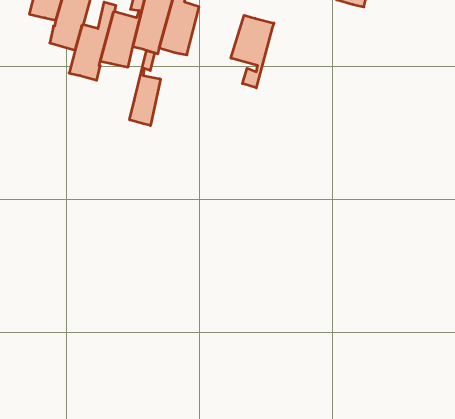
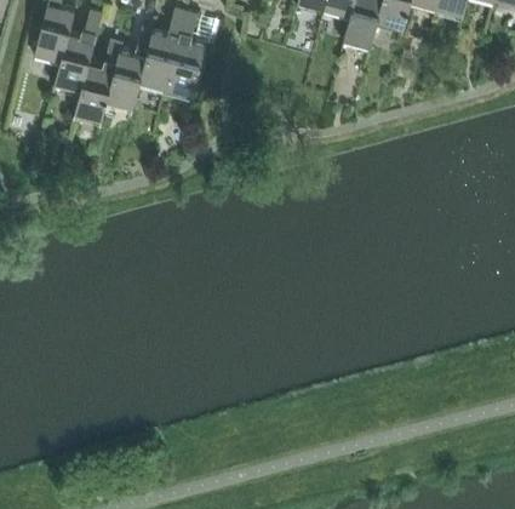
building: [231,15,274,88] -> none
building: [130,51,161,126] -> none

